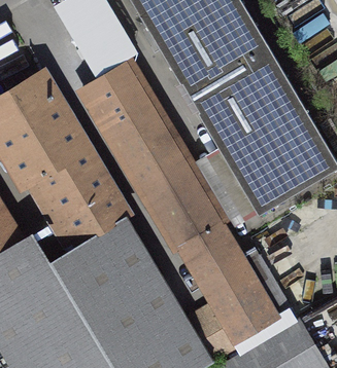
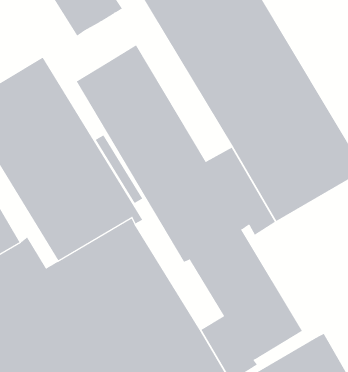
building: [82,25,126,68] -> none

